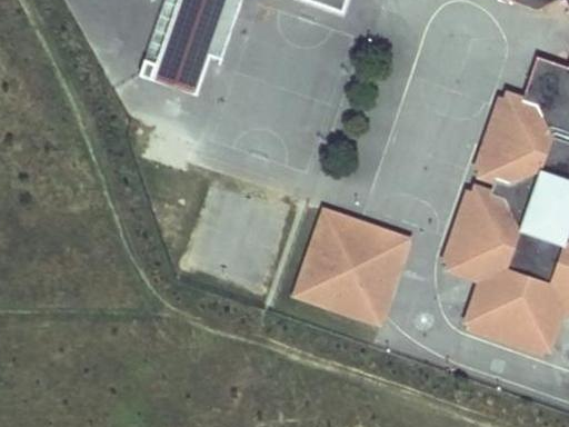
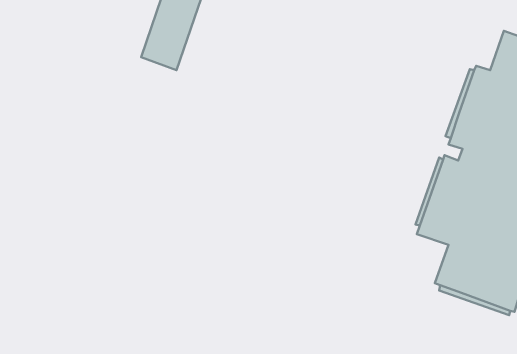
building: [293,207,409,322] -> none

